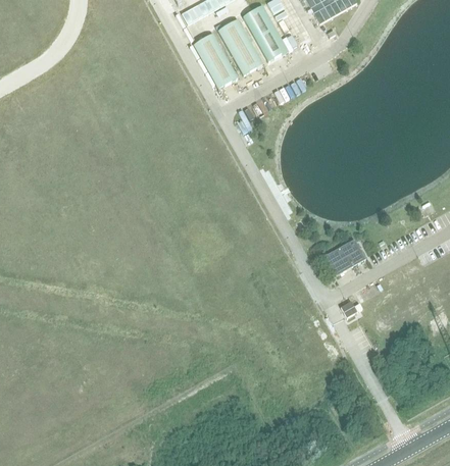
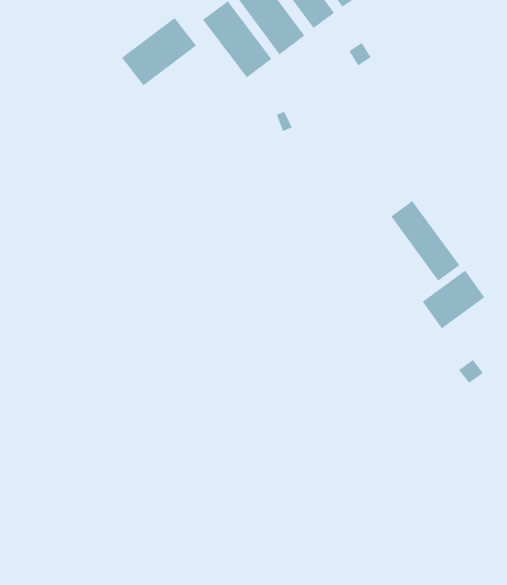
building: none -> [121,17,197,86]
building: none -> [390,200,460,282]

